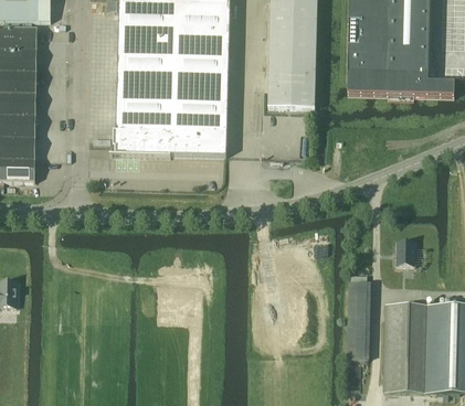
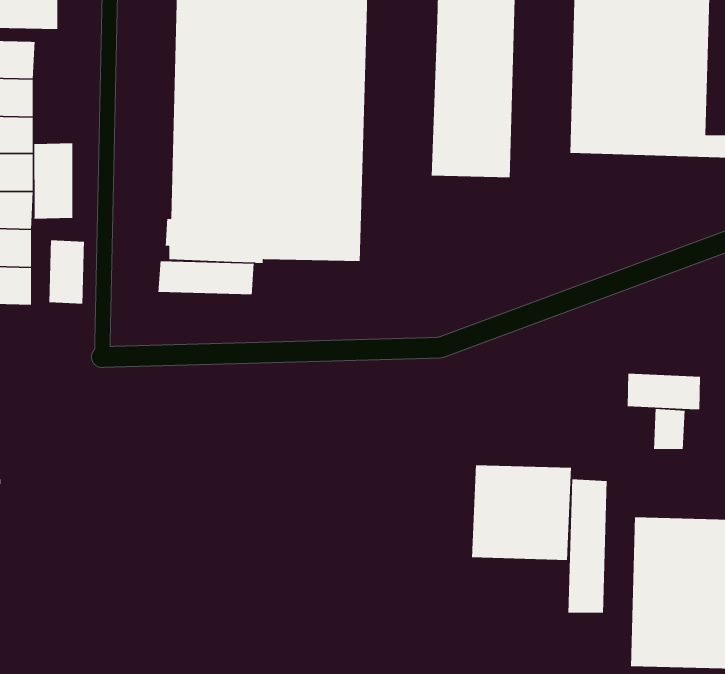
building: none -> [34,142,73,219]
building: none -> [49,239,85,304]
building: none -> [158,261,255,295]
building: none -> [627,373,701,410]
building: none -> [471,464,572,561]

